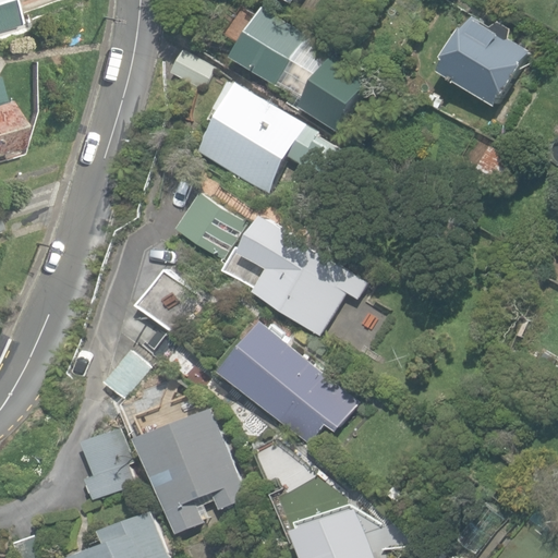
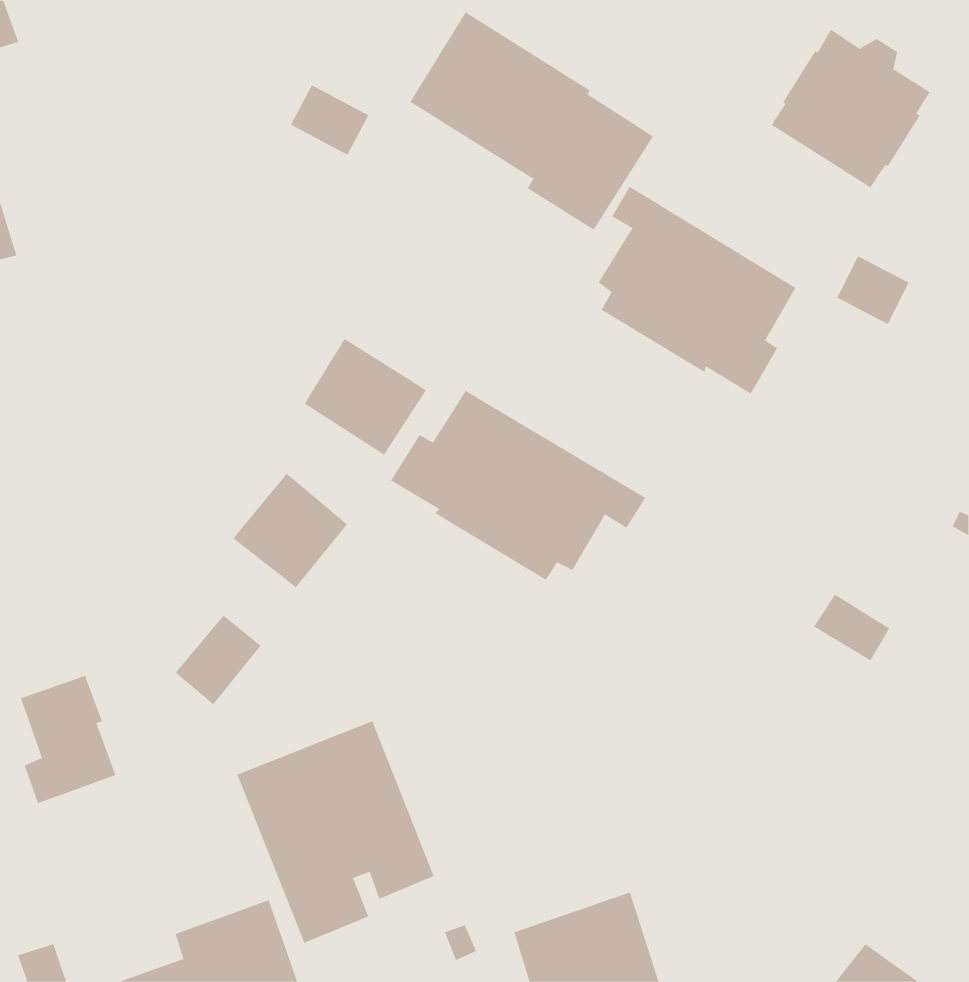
building: [192,81,341,194] -> none
building: none -> [598,186,796,395]
building: [216,319,357,446] -> none
building: [77,428,132,501] -> [20,675,116,804]

